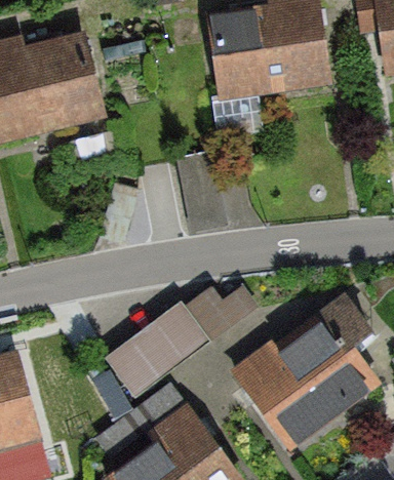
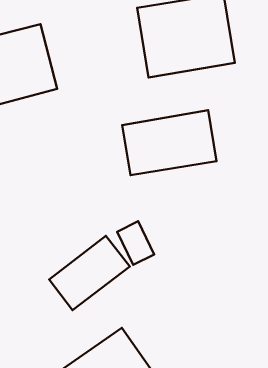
building: none -> [122,110,217,175]
building: [234,301,369,445] -> none

